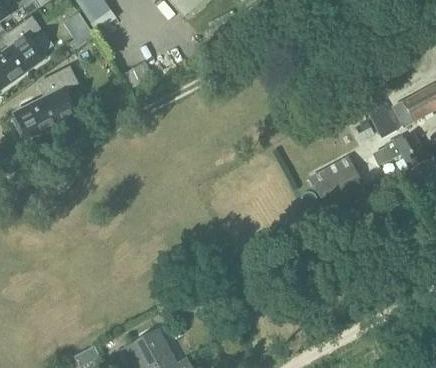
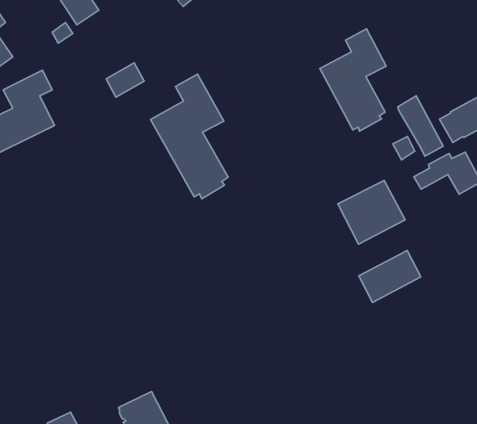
building: none -> [320,29,386,131]
building: none -> [151,74,228,199]
building: none -> [359,250,421,302]

